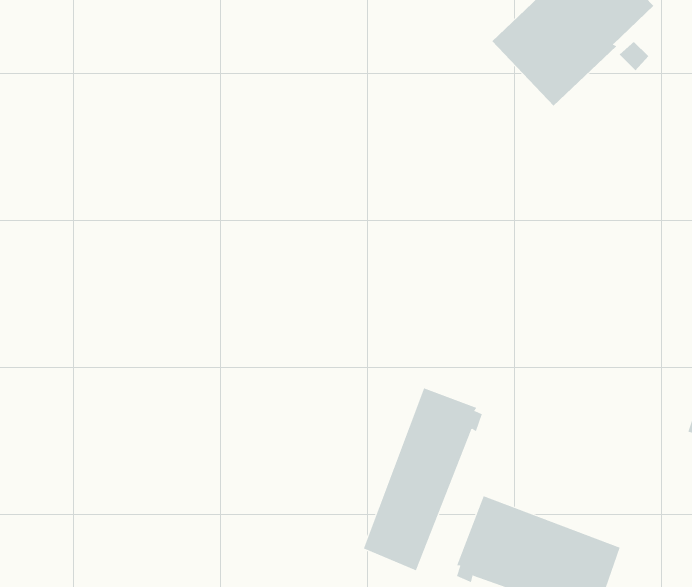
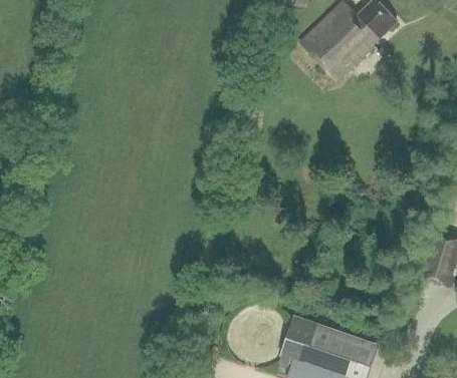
building: [363,388,482,571] -> none

